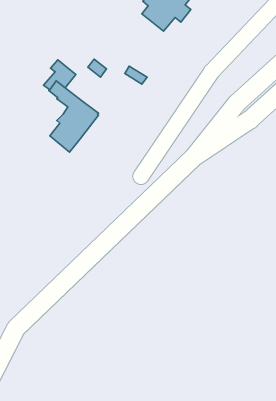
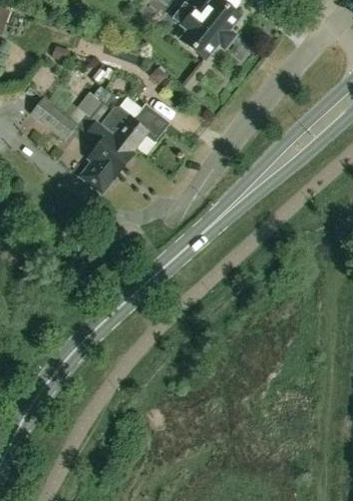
building: none -> [29,97,78,140]
building: none -> [101,105,166,149]

